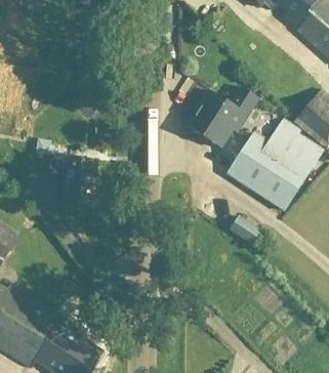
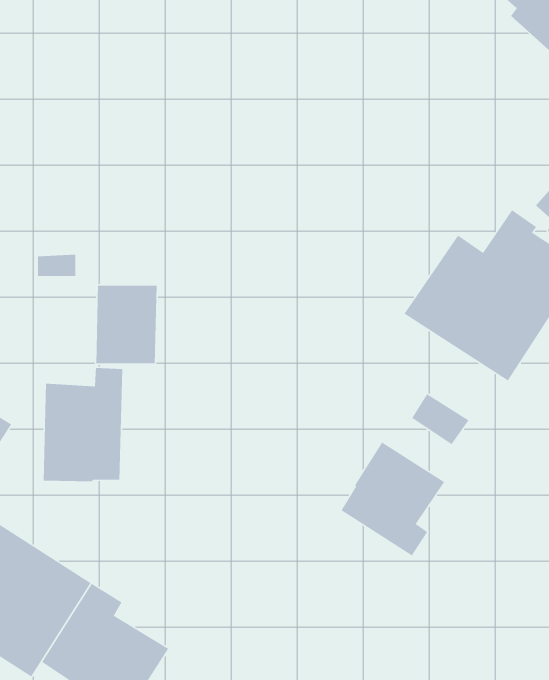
building: [184,85,257,148] -> none
building: none -> [43,367,123,482]
building: none -> [341,442,445,556]

